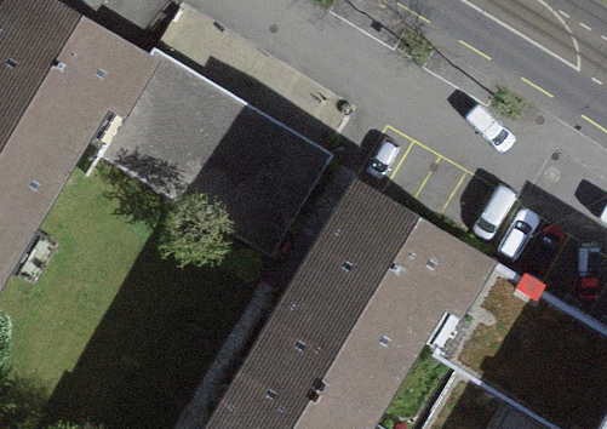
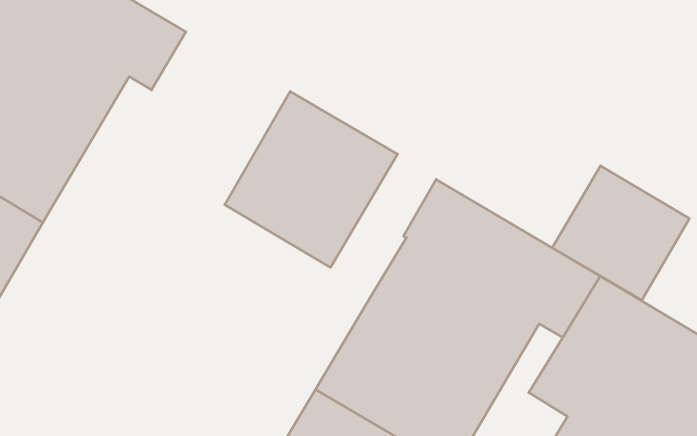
building: [101,61,239,201] -> none
building: none -> [552,166,689,300]

